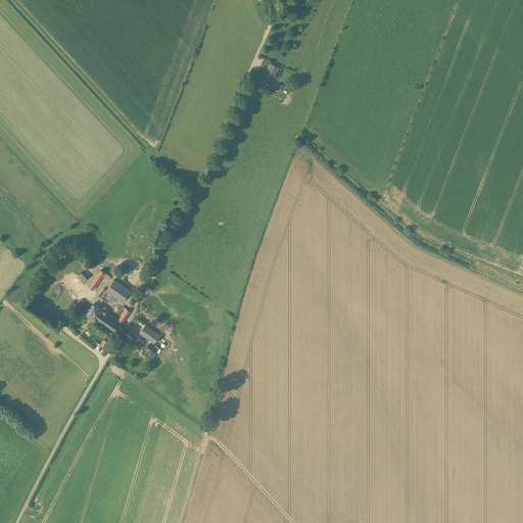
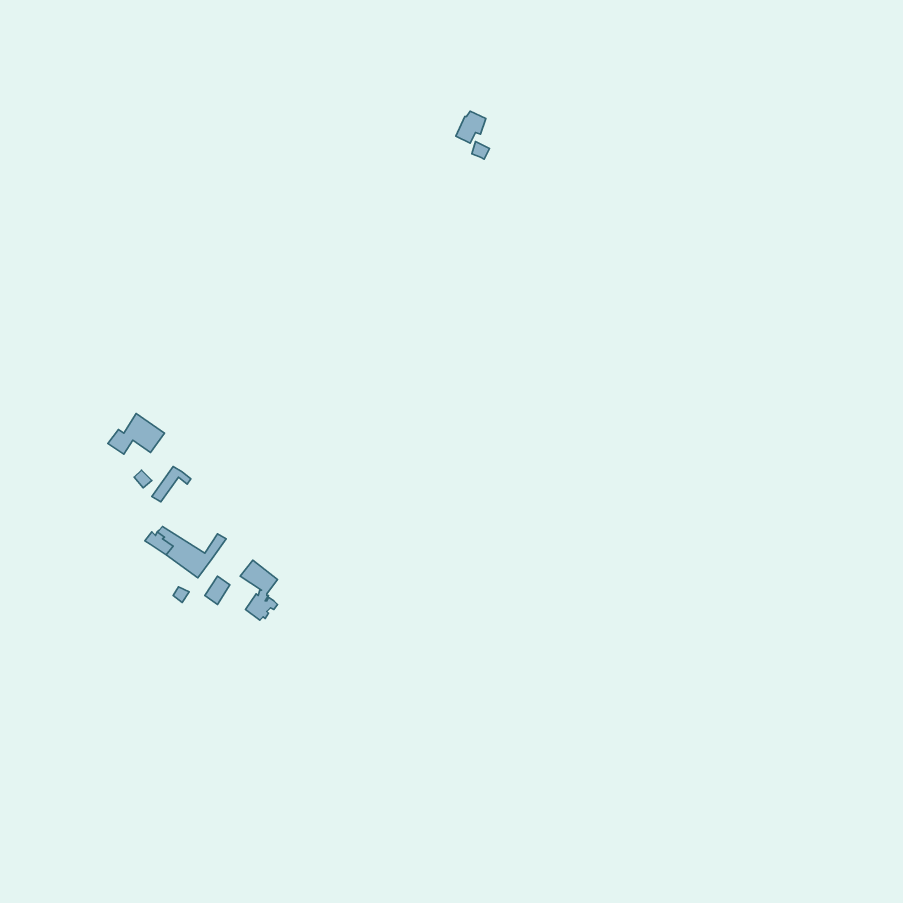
building: [98,279,131,302] -> [108,414,165,454]

